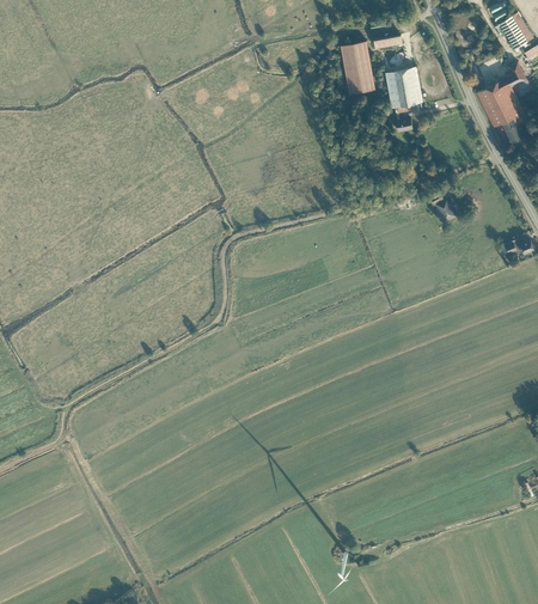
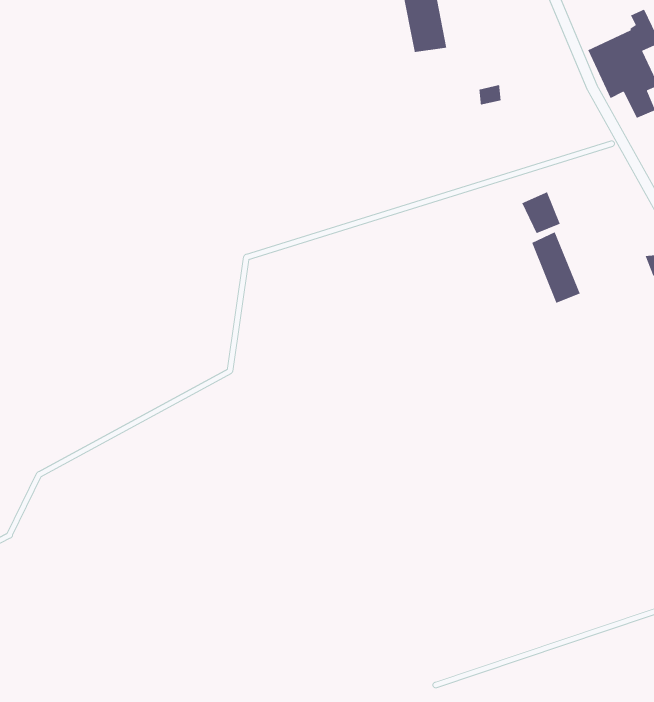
building: [385,67,423,114] -> none
building: none -> [531,231,581,304]

